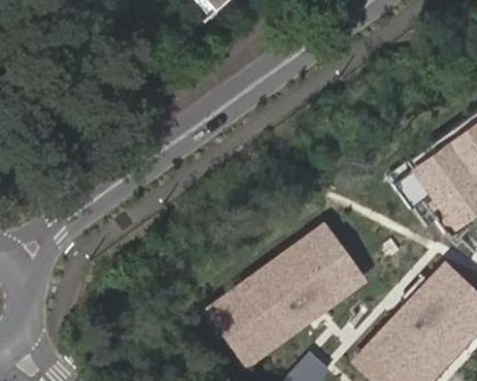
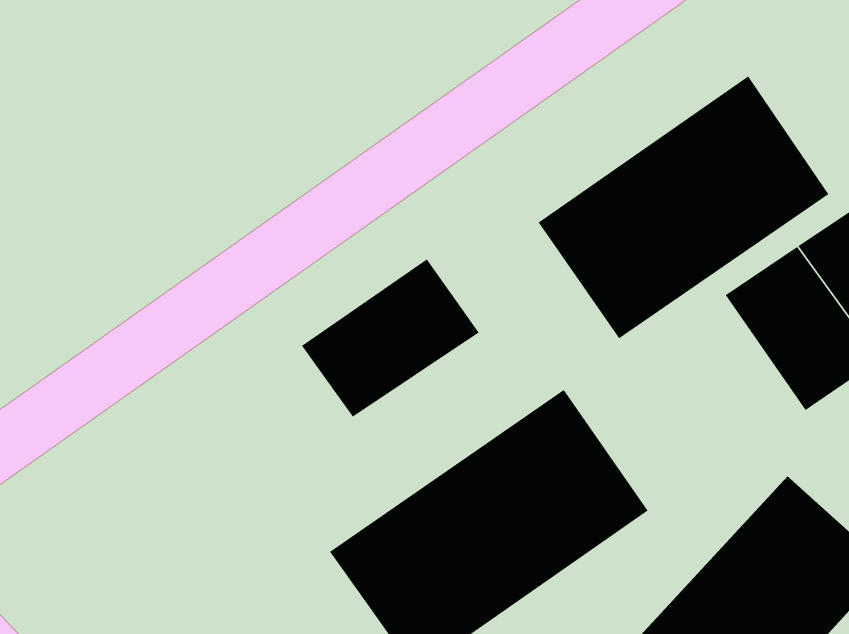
building: none -> [538,75,829,339]
building: none -> [301,258,479,417]

